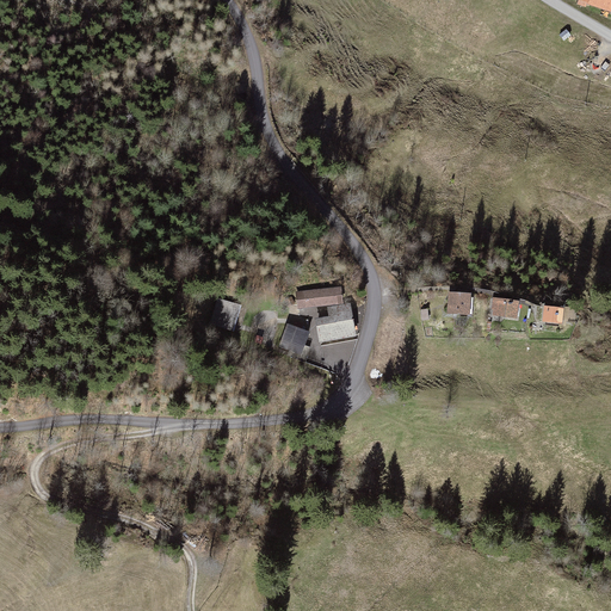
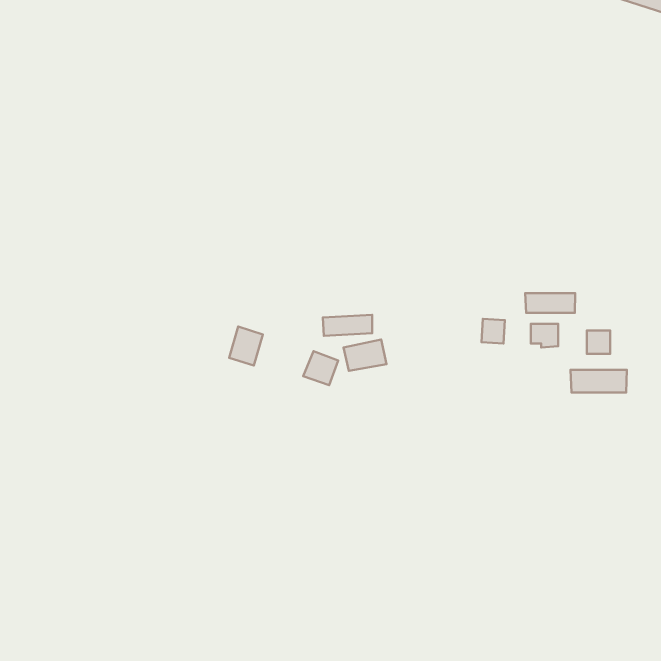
building: none -> [525,293,575,313]
building: none -> [570,370,627,393]

